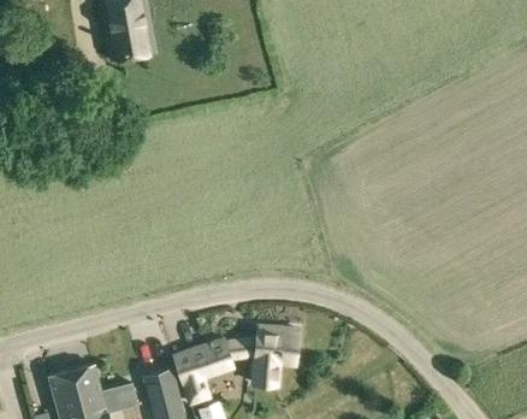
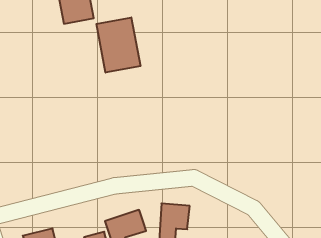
building: none -> [96,17,140,73]

